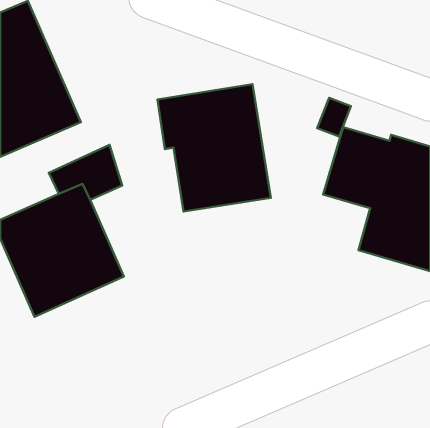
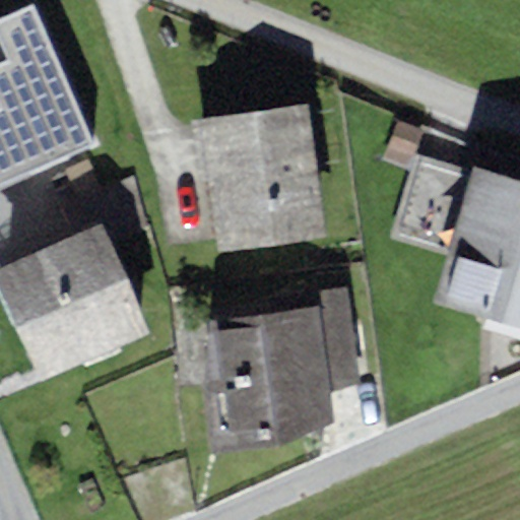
building: none -> [212,283,359,452]

